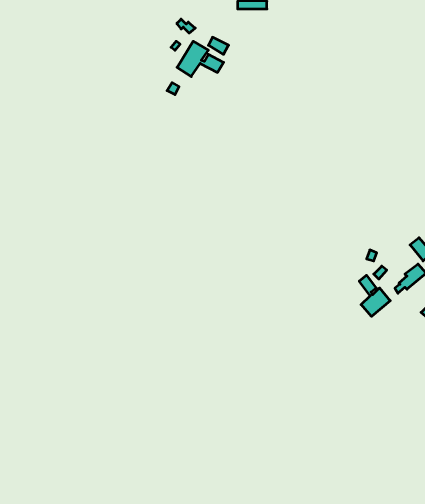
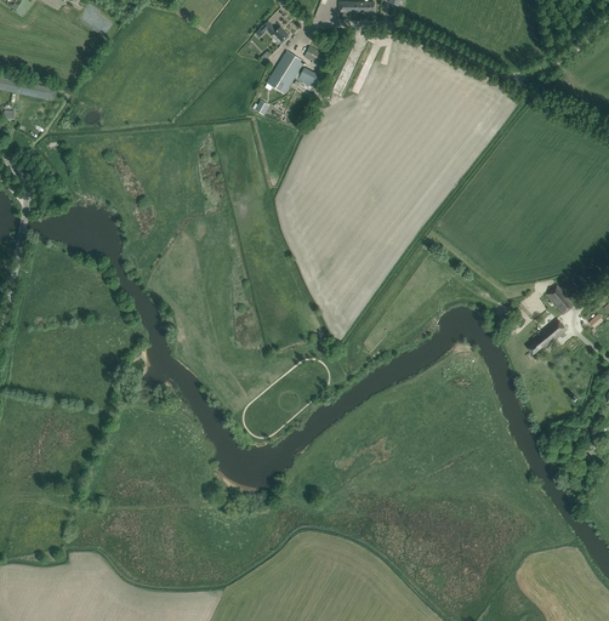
building: [359,275,390,316] -> none

